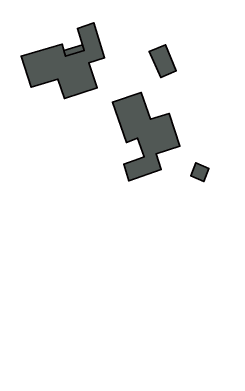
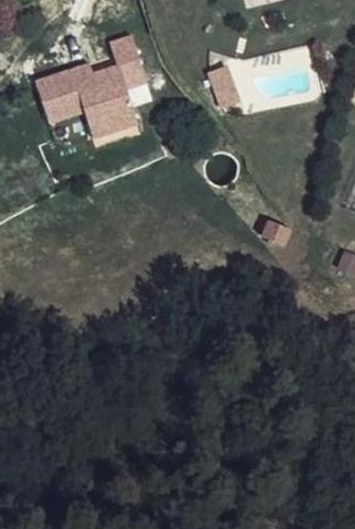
building: [112,92,180,181] -> none

